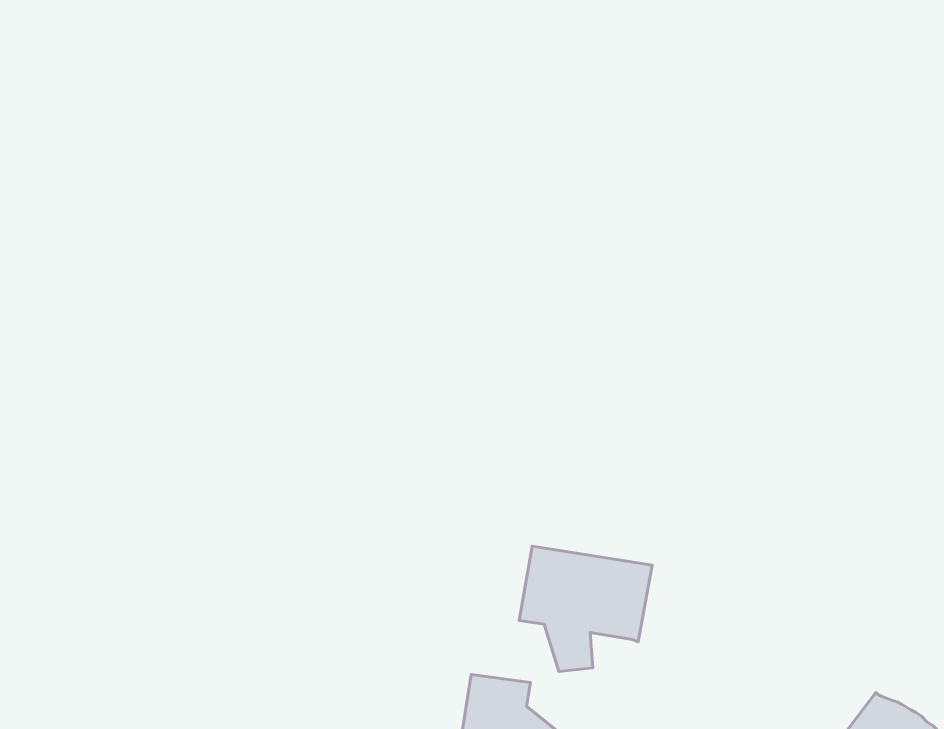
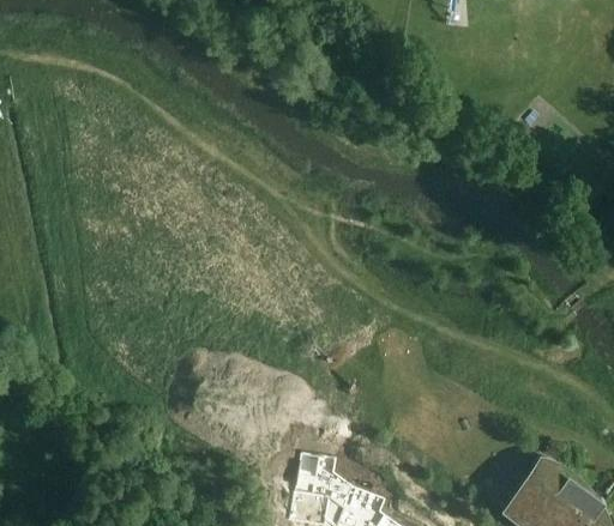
building: [519,546,652,671] -> none

